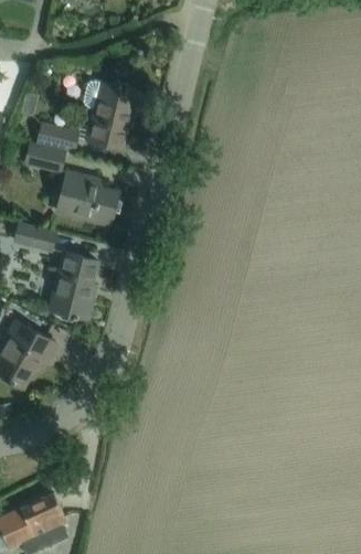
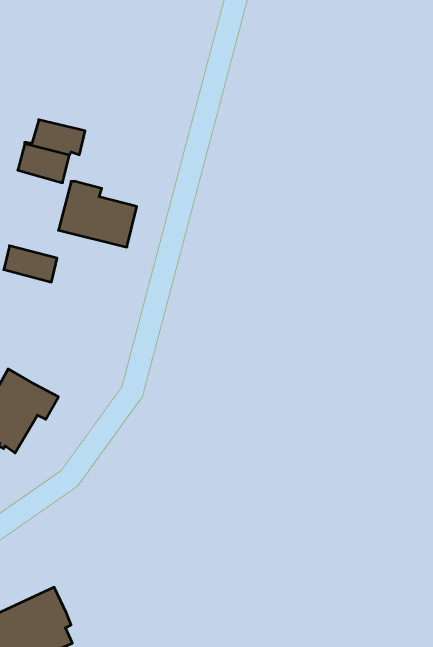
building: [85,81,139,148] -> none
building: [51,253,98,318] -> none

